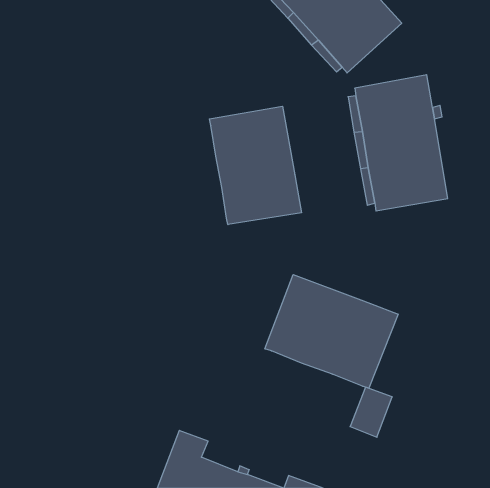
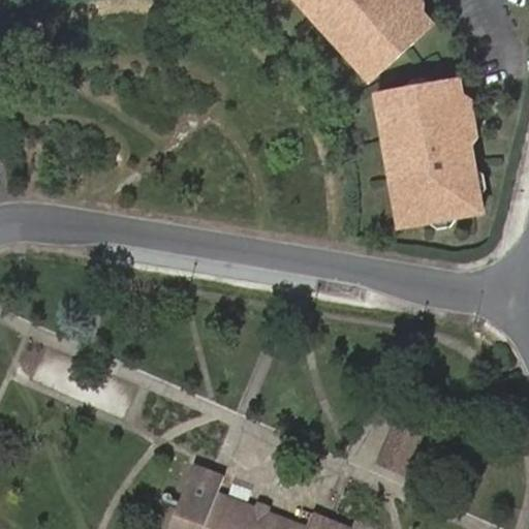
building: [209,106,301,225] -> none
building: [265,275,398,388] -> none

